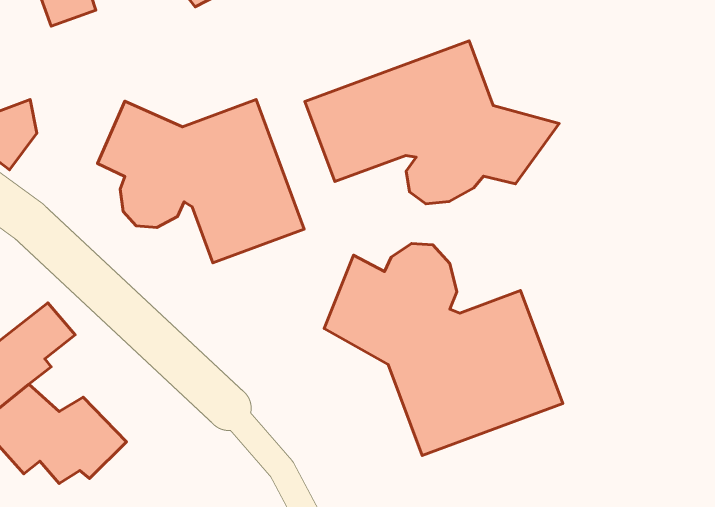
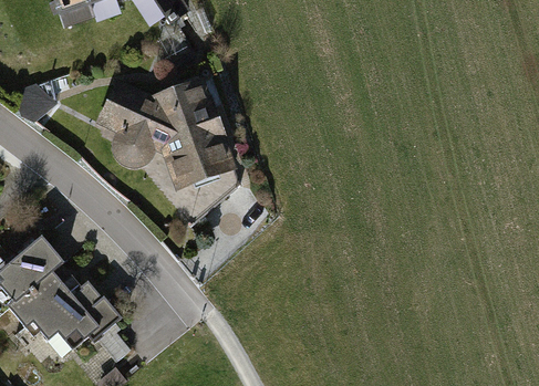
building: [305,41,559,204] -> none
building: [324,243,563,456] -> none

